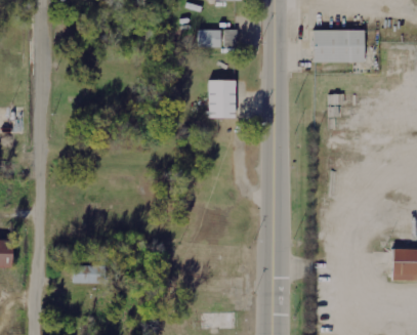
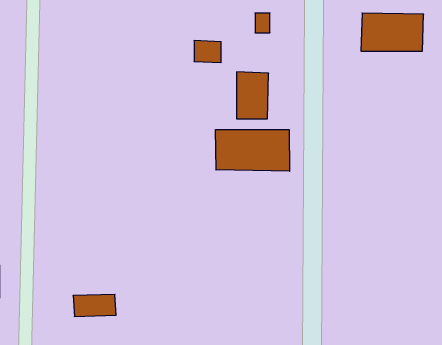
building: [199,29,221,47] -> [194,41,221,63]
building: none -> [216,130,290,171]

